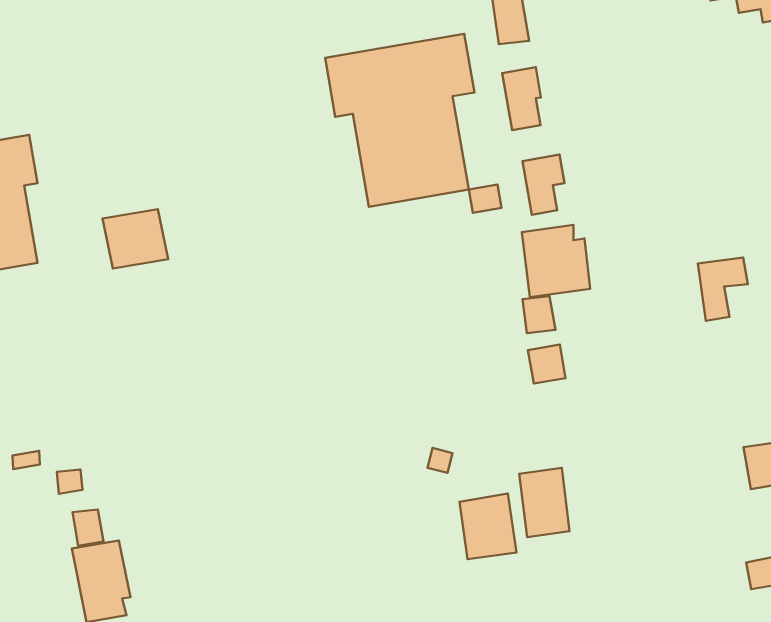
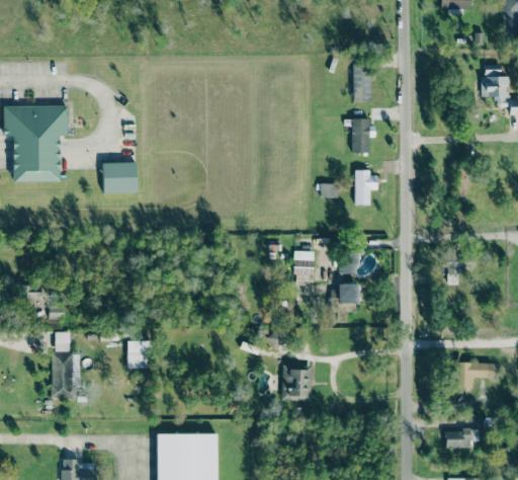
building: [325,34,474,207] -> none
building: [522,225,590,297] -> none
building: none -> [293,251,315,276]
building: [519,468,570,537] -> none
building: none -> [127,341,149,369]

